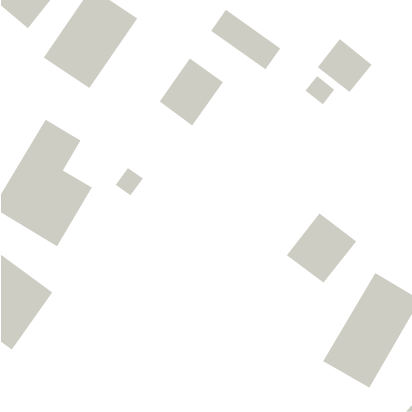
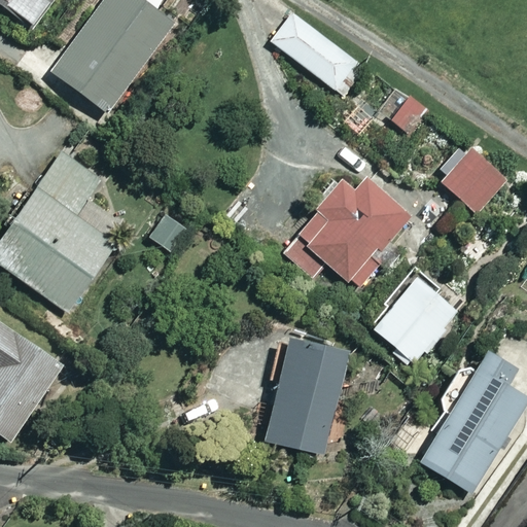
building: [317,38,373,93] -> [433,141,504,211]
building: [159,57,224,126] -> none
building: none -> [277,171,407,288]
building: none -> [260,331,346,449]

